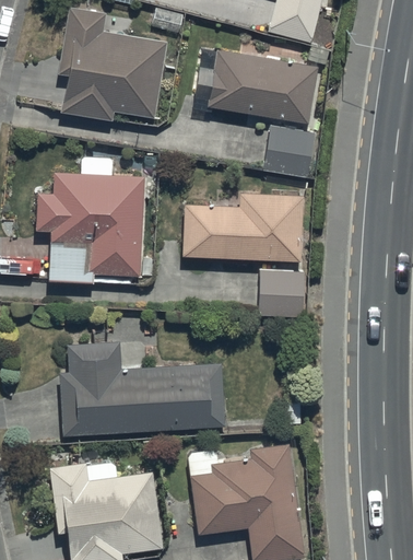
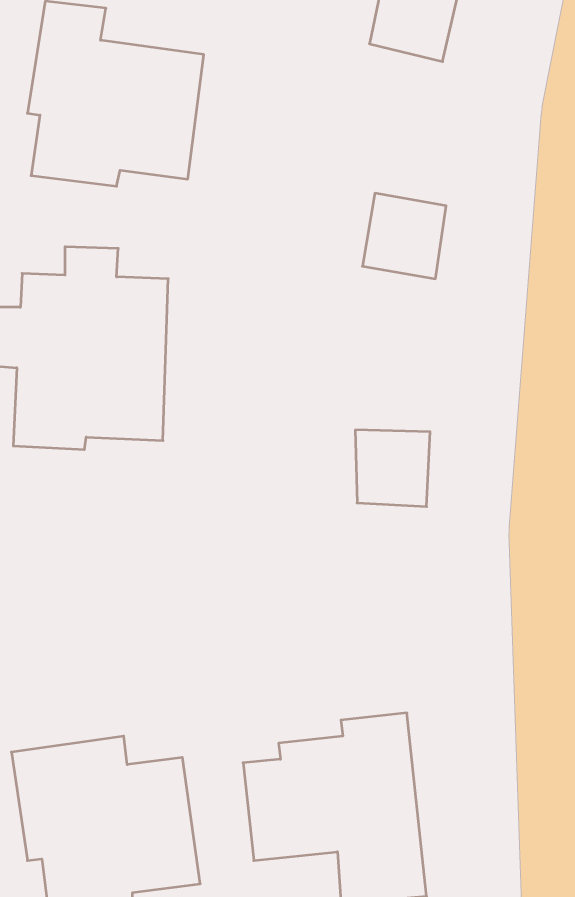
building: [191,46,319,125] -> none
building: [182,194,303,260] -> none
building: [59,341,224,434] -> none

